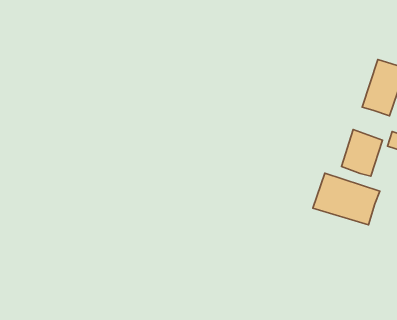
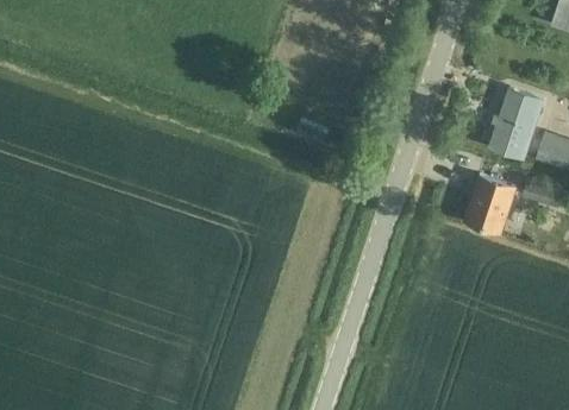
building: [313,173,380,225] -> none

